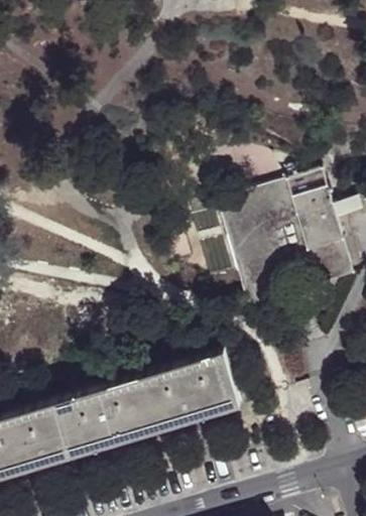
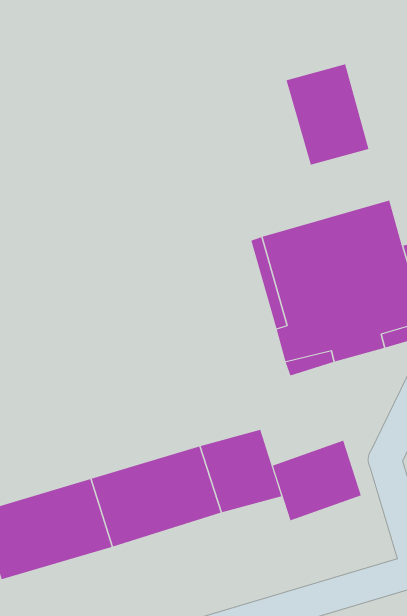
building: none -> [286,63,369,166]
building: none -> [272,440,361,521]

